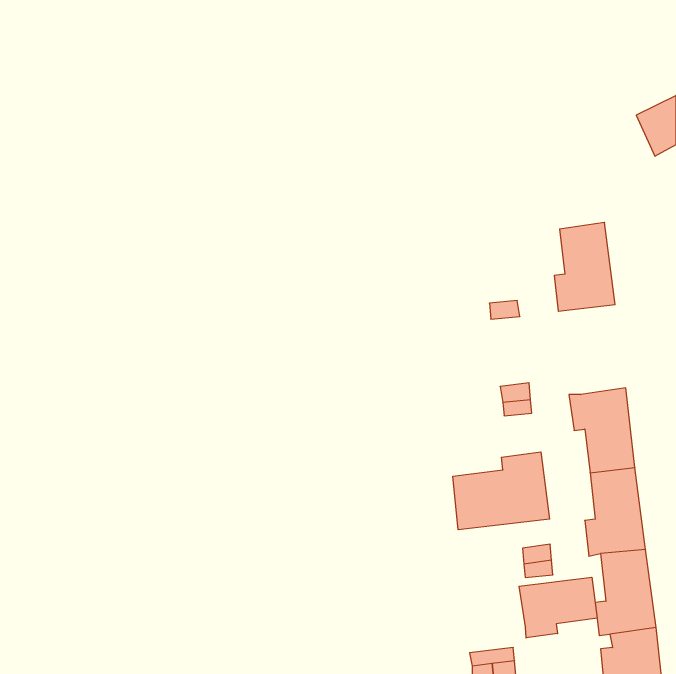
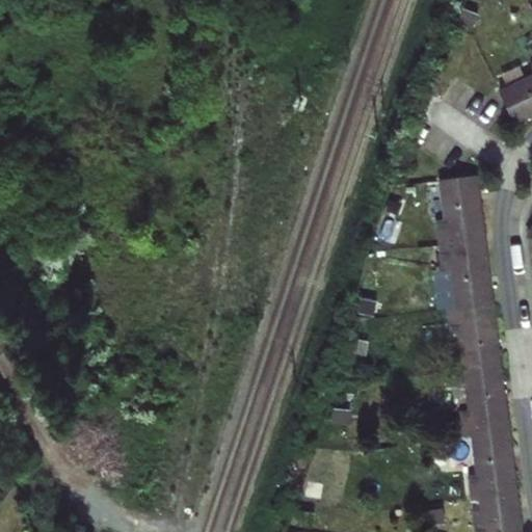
building: none -> [438,241,491,312]
building: [453,452,550,530] -> none
building: [519,577,597,638] -> none

